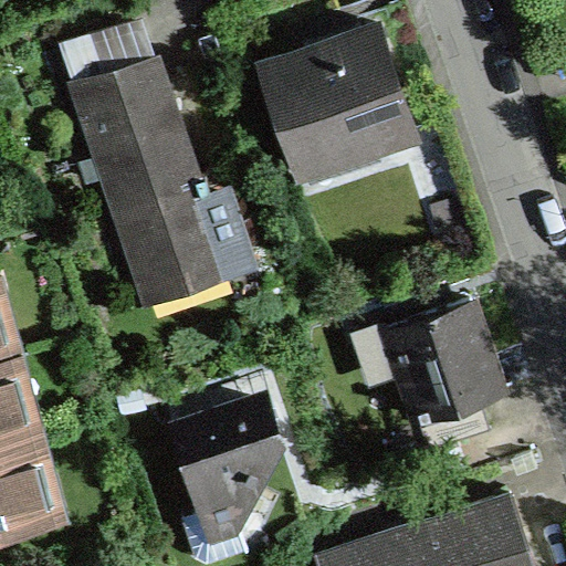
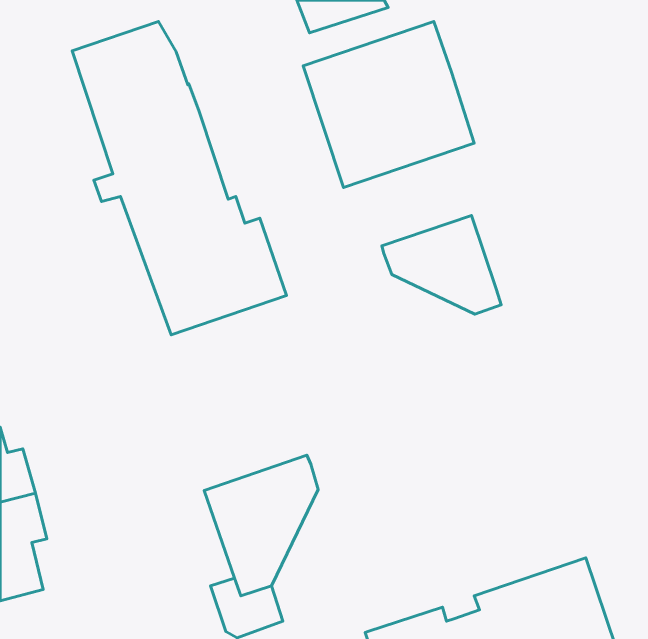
building: none -> [382,216,501,314]
building: [387,302,502,453] -> none

